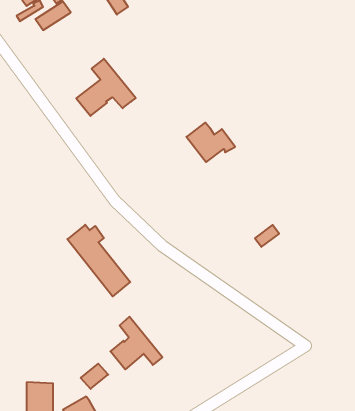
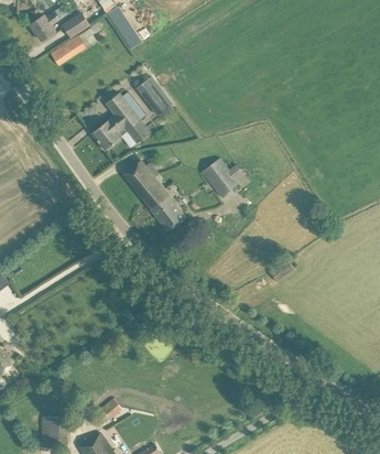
building: none -> [135,76,172,116]
building: [67,225,130,296] -> [122,160,185,231]
building: [110,317,162,369] -> none

